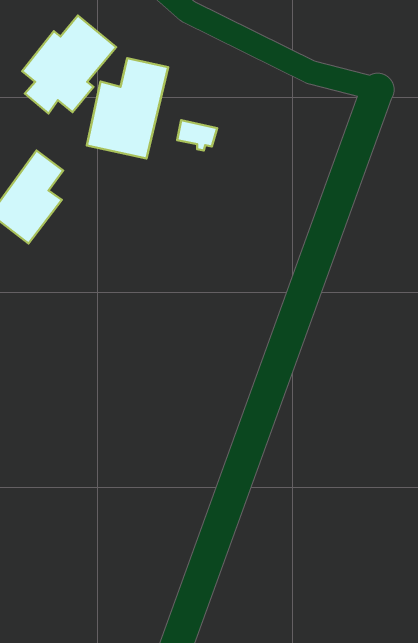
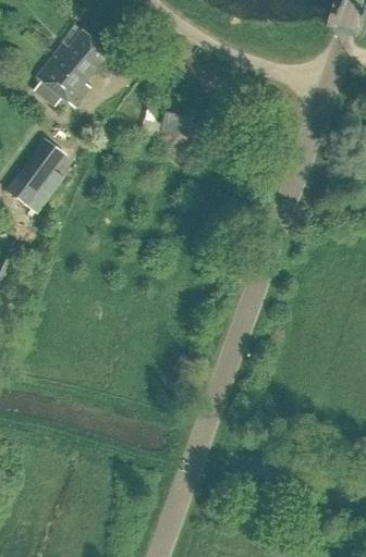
building: [87,58,168,158] -> none

